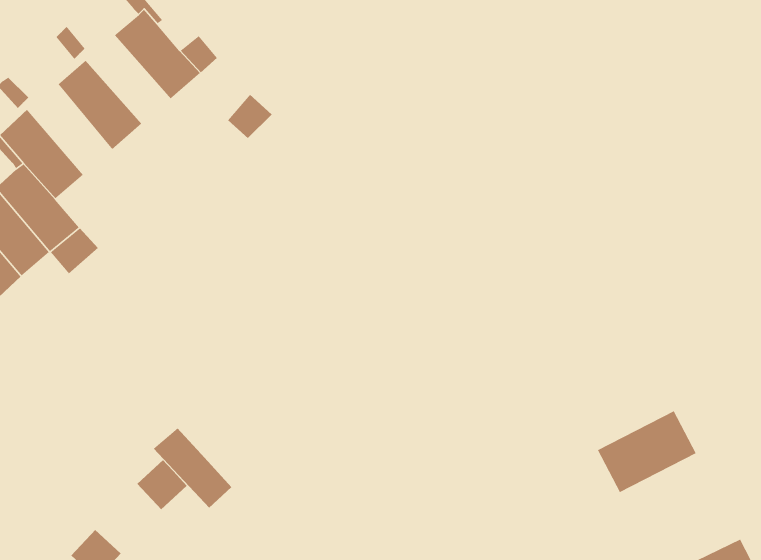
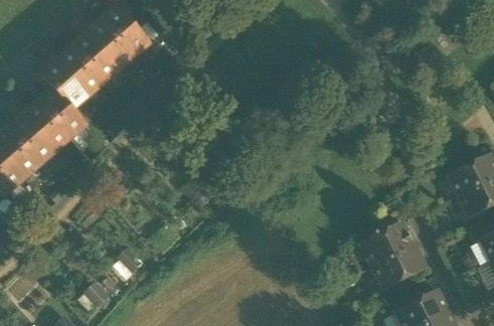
building: none -> [89,21,134,68]
building: none -> [57,47,103,96]
building: [153,427,232,508] -> none
building: none -> [373,245,427,289]

